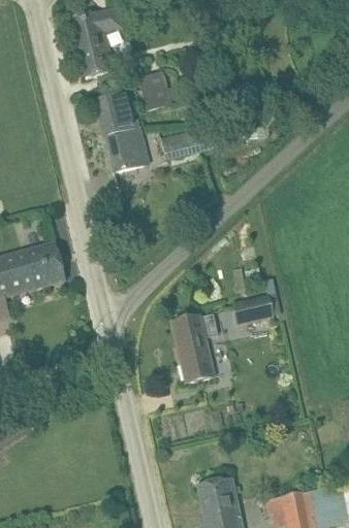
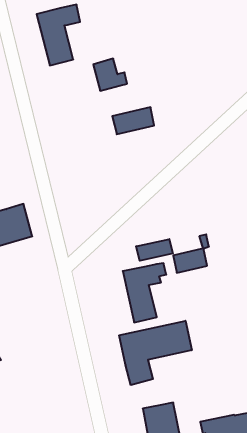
building: [96,91,149,172] -> none
building: none -> [136,239,173,261]
building: none -> [119,321,192,385]

